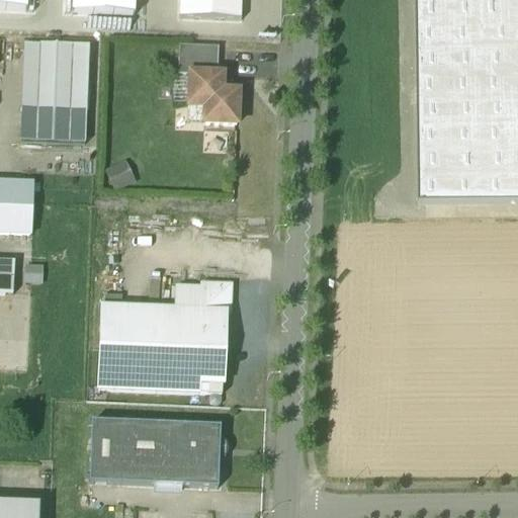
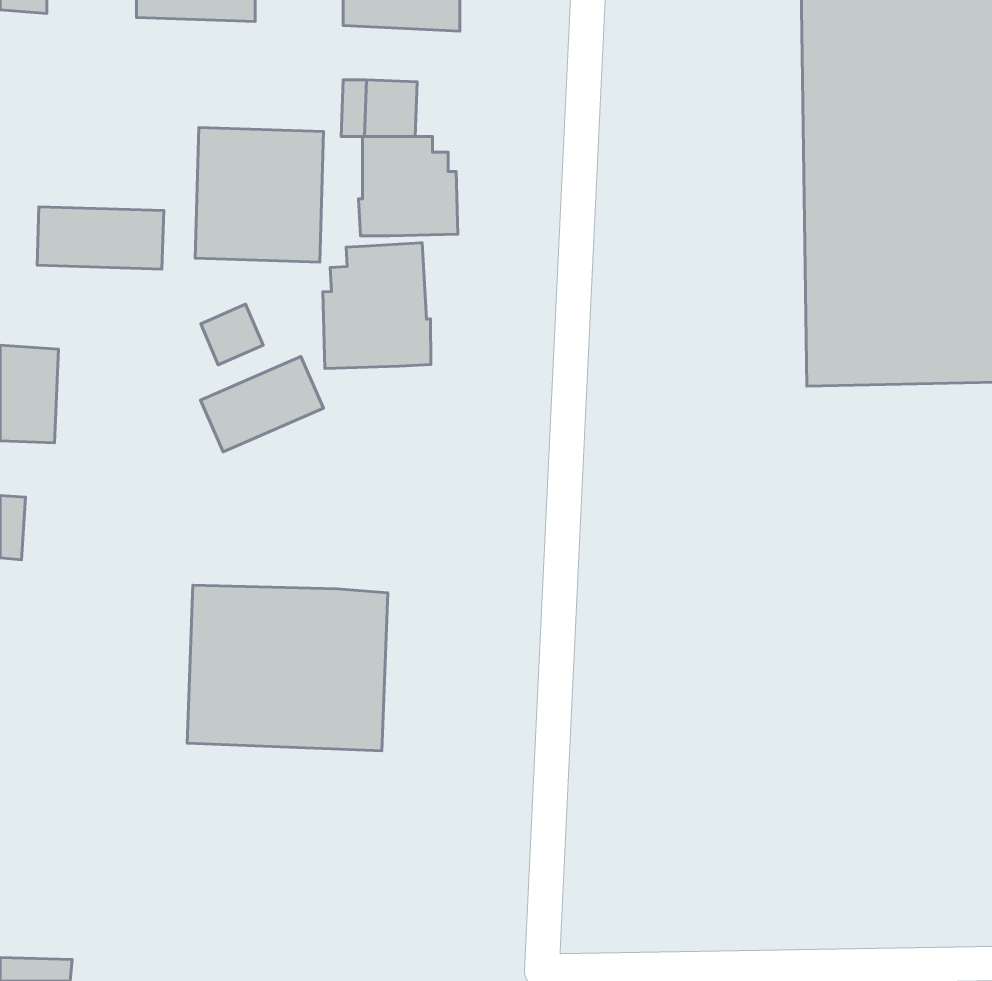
building: [22,39,89,109] -> [195,128,324,262]
building: none -> [323,243,431,368]
building: none -> [200,356,323,452]
building: [177,281,231,391] -> none
building: [90,418,227,484] -> none

